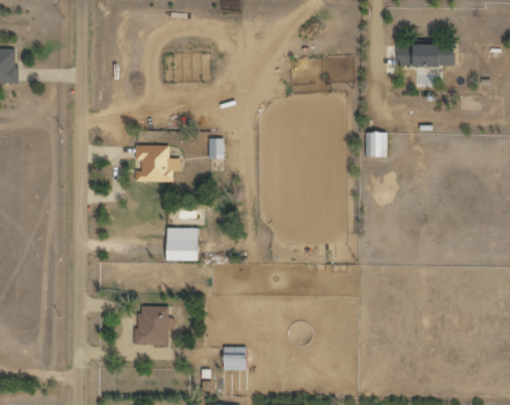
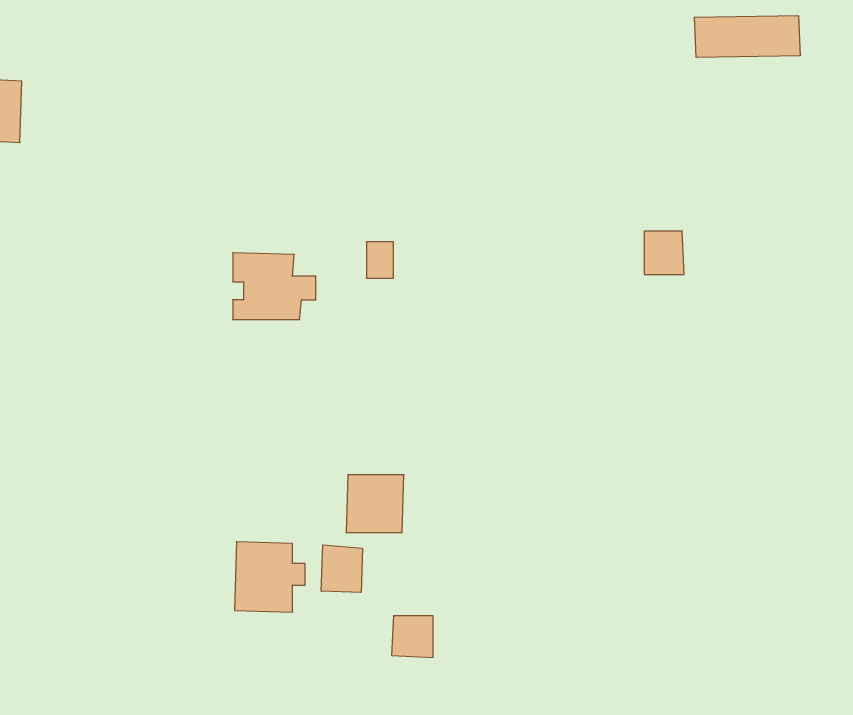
building: [396,43,456,66] -> [694,16,801,57]
building: [166,228,199,260] -> [346,475,404,533]
building: none -> [321,545,362,592]

